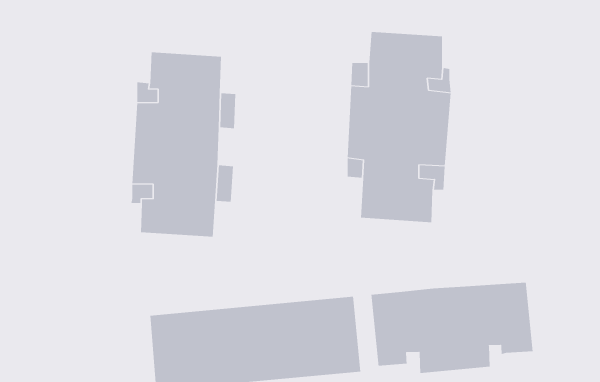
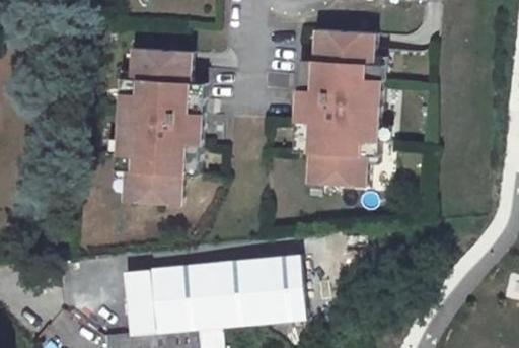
building: [371,282,533,374] -> none

